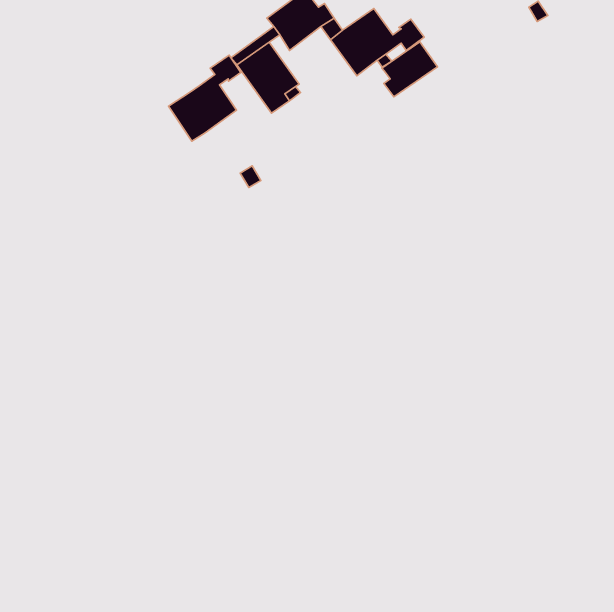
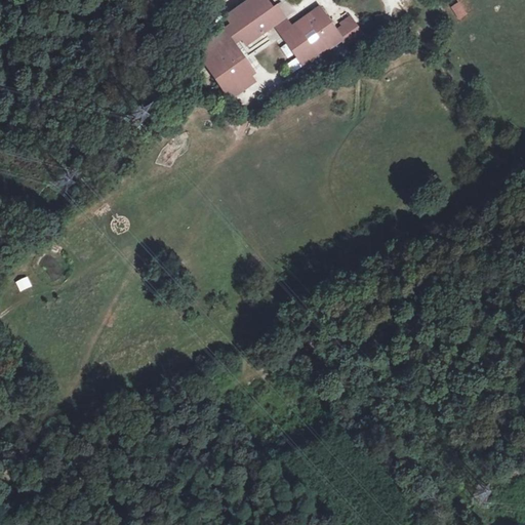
building: [382,42,438,97] -> none
building: [168,55,241,141] -> none

